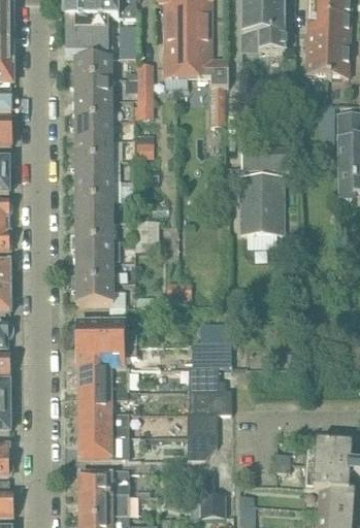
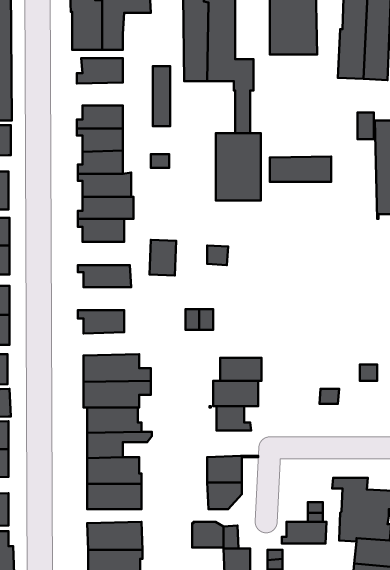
building: [120,25,137,57] -> none
building: [70,79,111,100] -> none
building: [243,176,284,236] -> [216,133,261,200]
building: [71,222,112,242] -> none
building: [71,262,112,283] -> none
building: [187,390,232,414] -> none
building: none -> [282,522,326,544]

